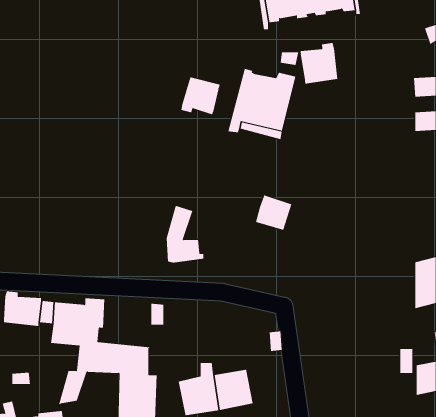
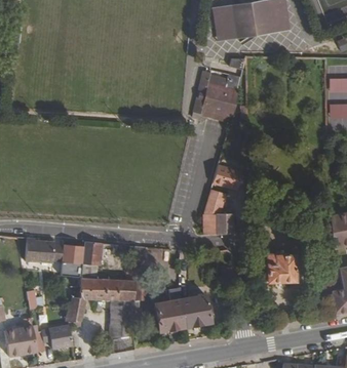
building: [300,42,338,85] -> none
building: [181,77,221,115] -> none
building: [166,205,204,263] -> [200,192,229,235]
building: none -> [261,254,292,282]

